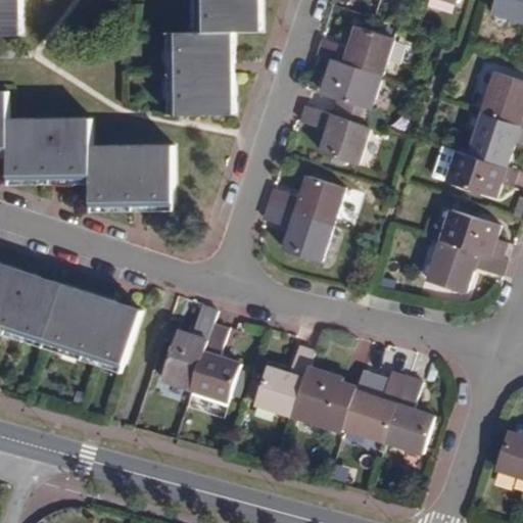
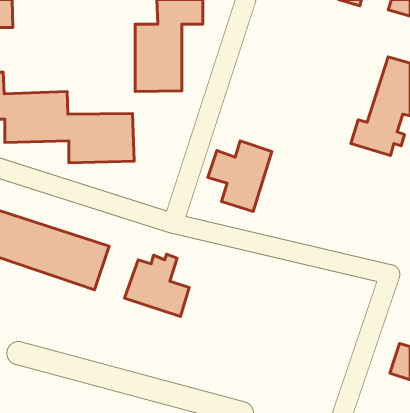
building: [305,26,401,172] -> none
building: [425,208,504,295] -> none
building: [253,344,434,454] -> none

